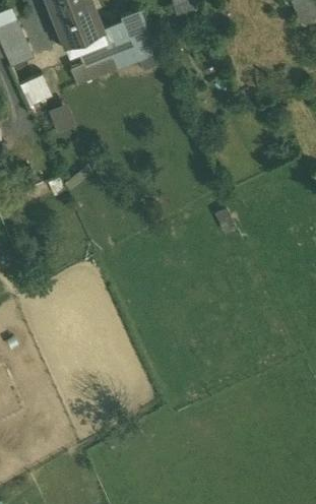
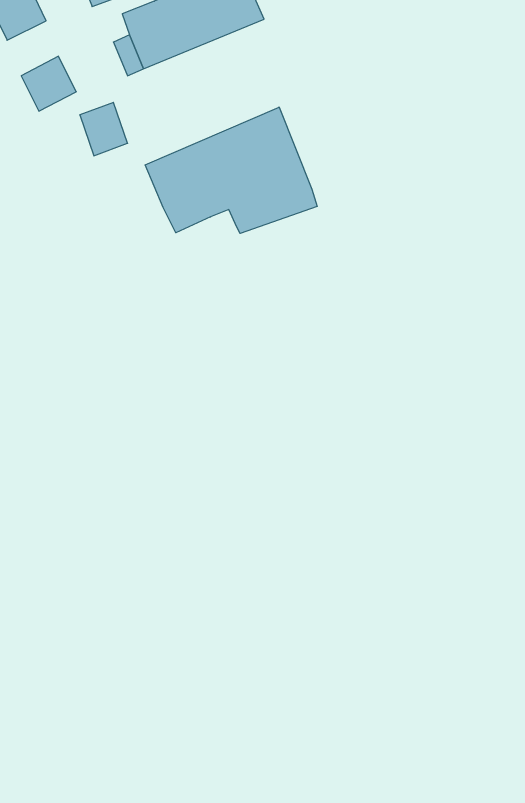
building: none -> [145,107,317,233]

